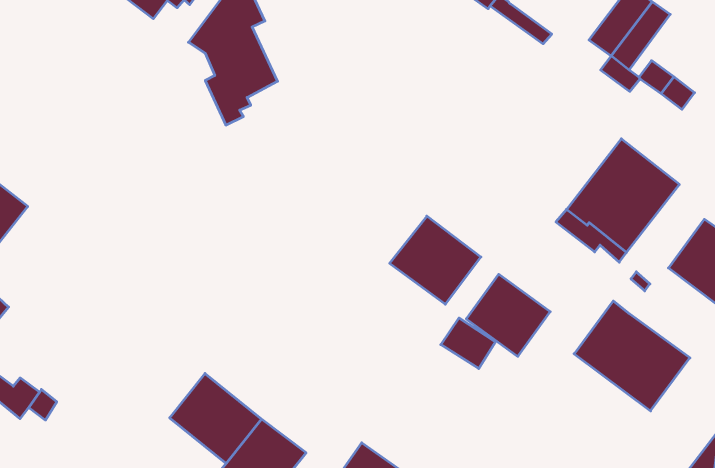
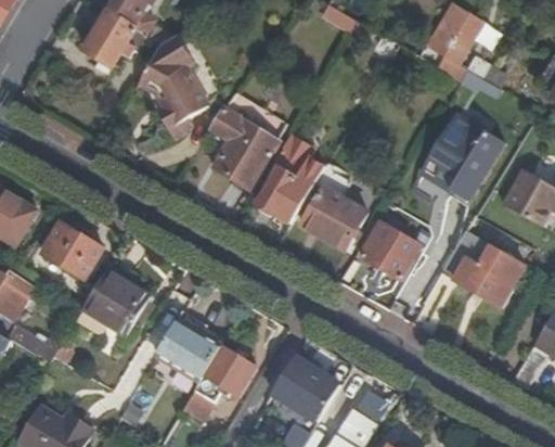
building: none -> [210,108,279,190]
building: none -> [256,133,325,222]
building: none -> [42,224,103,279]
building: none -> [81,270,150,336]

